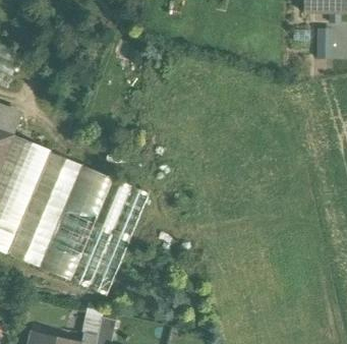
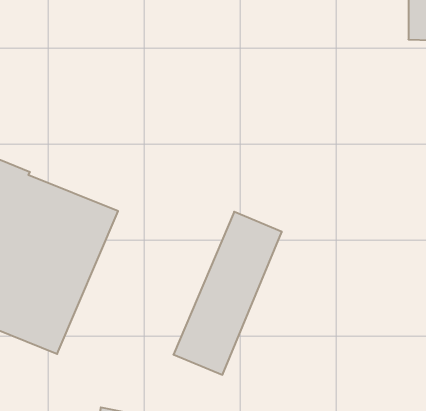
building: [69,178,146,293] -> [173,212,282,375]

